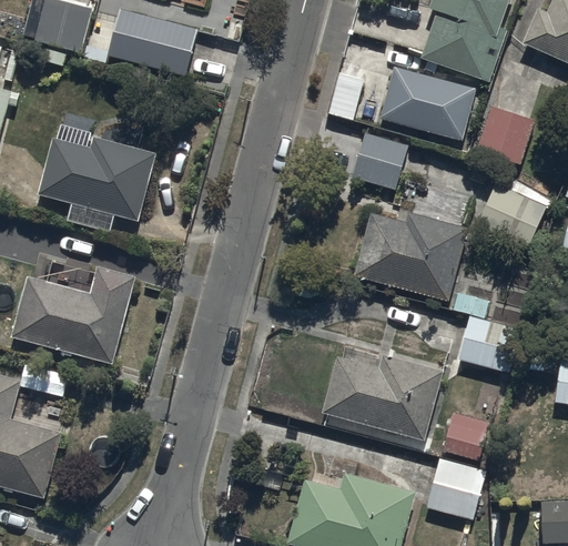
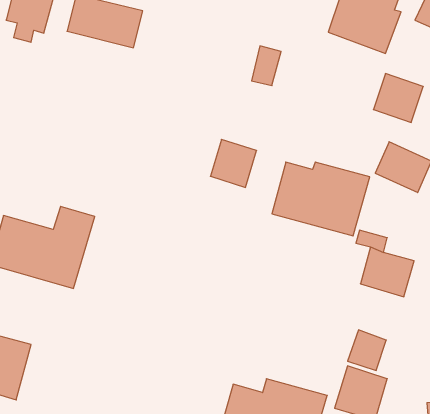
building: [378,64,476,142] -> none
building: [37,123,156,233] -> none
building: [351,131,406,189] -> [210,139,257,187]
building: [321,353,445,439] -> none

